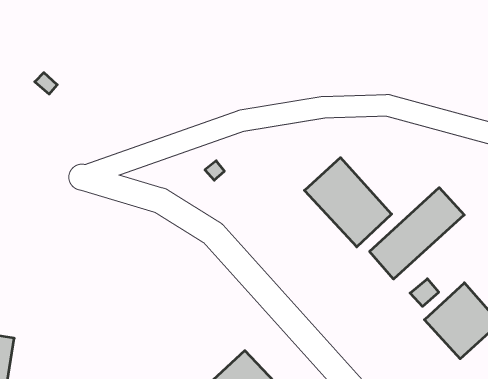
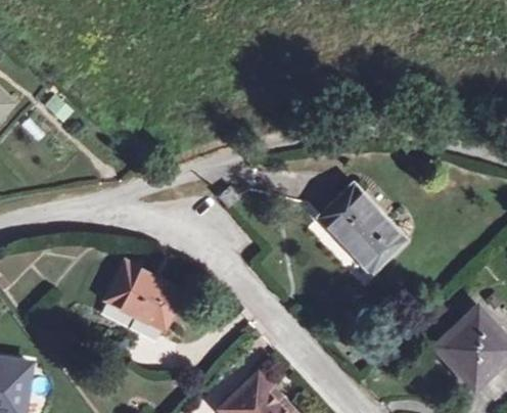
building: [370,188,464,279] -> none
building: none -> [107,264,182,336]

